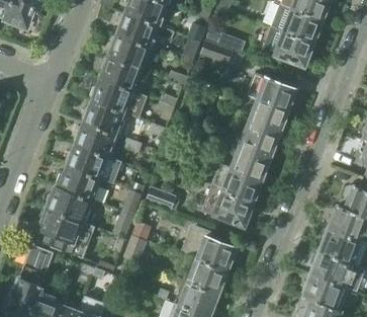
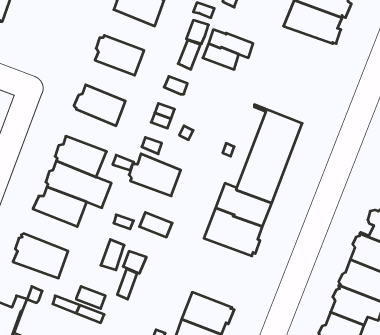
building: [116,13,160,49] -> none
building: [262,27,313,67] -> none
building: [100,57,143,92] -> none
building: [246,73,296,111] -> none
building: [82,99,126,136] -> [129,154,181,196]
building: [44,185,93,222] -> none
building: [182,226,237,270] -> none

